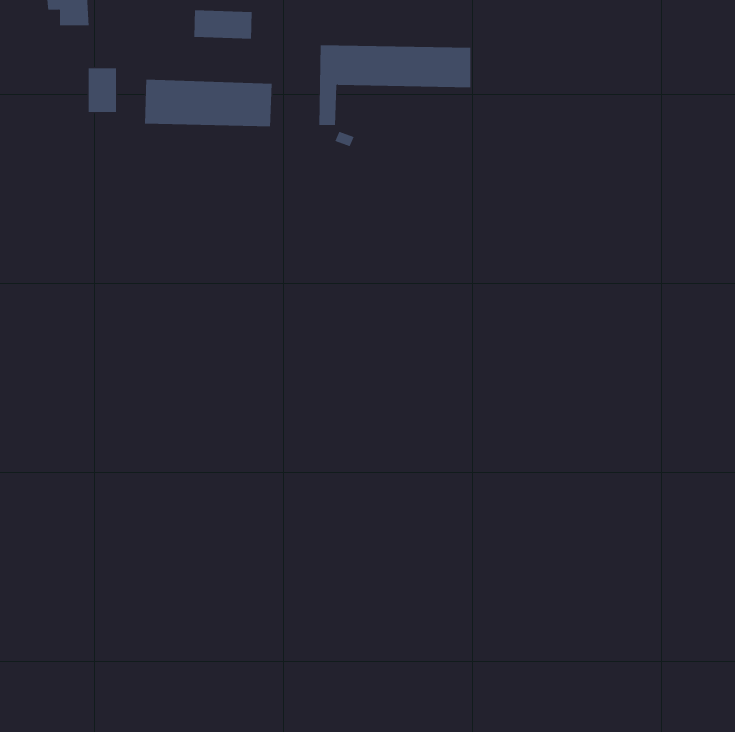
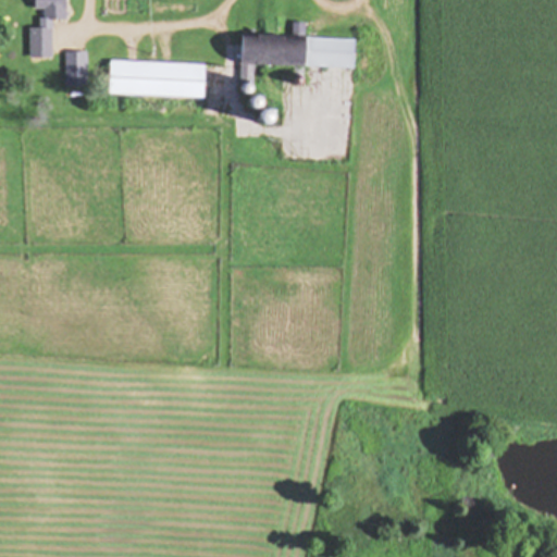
building: [194,10,252,39] -> none
building: none -> [30,26,52,57]

